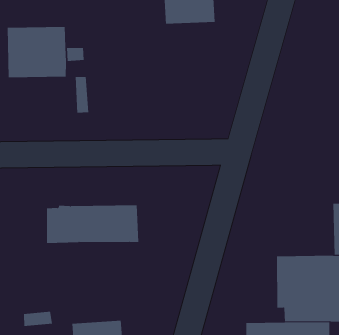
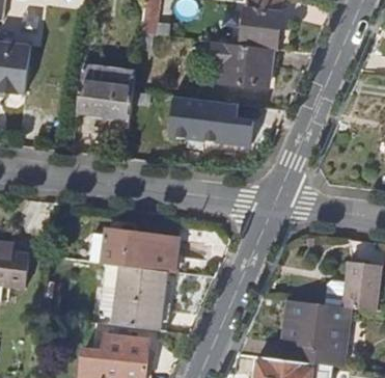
building: none -> [168,96,252,145]
building: none -> [113,264,165,328]

